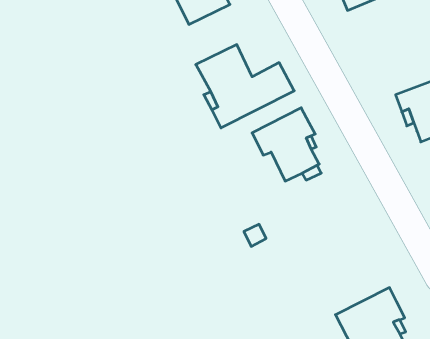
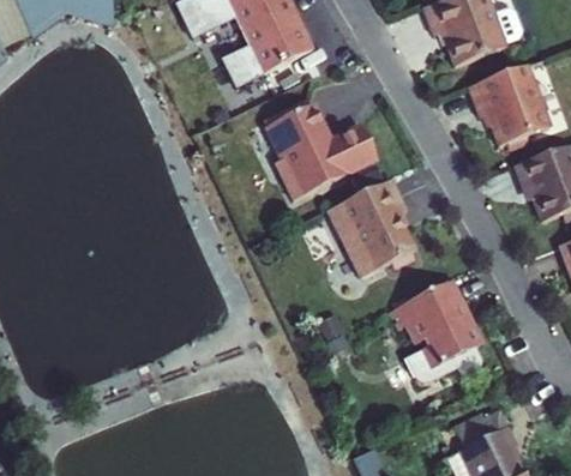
building: none -> [459,61,541,143]
building: none -> [393,278,492,382]

